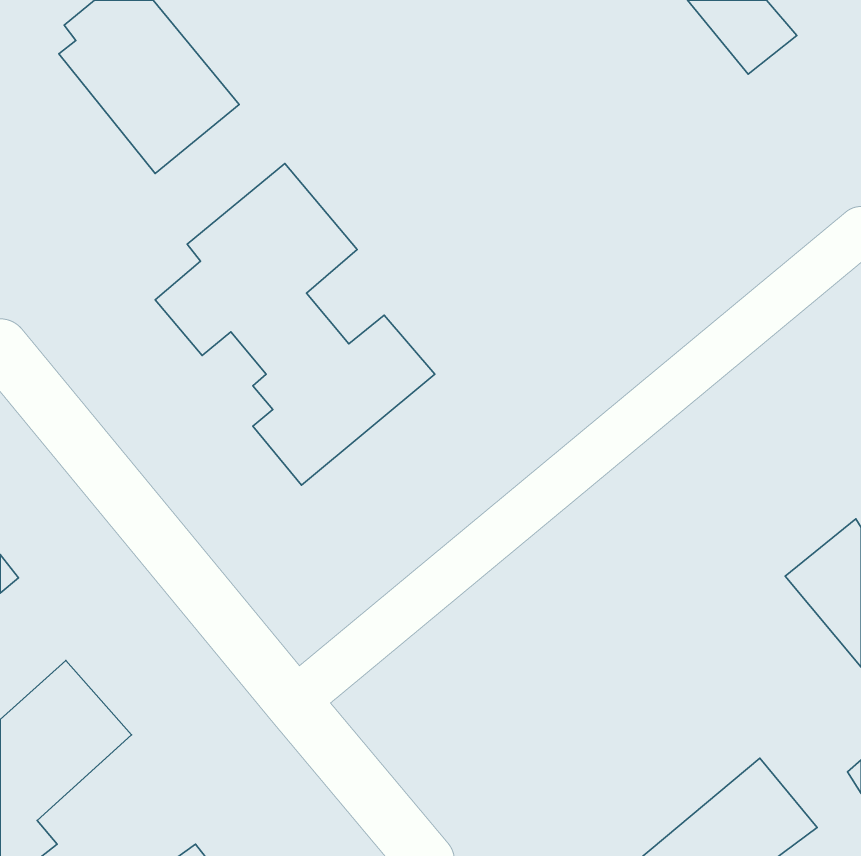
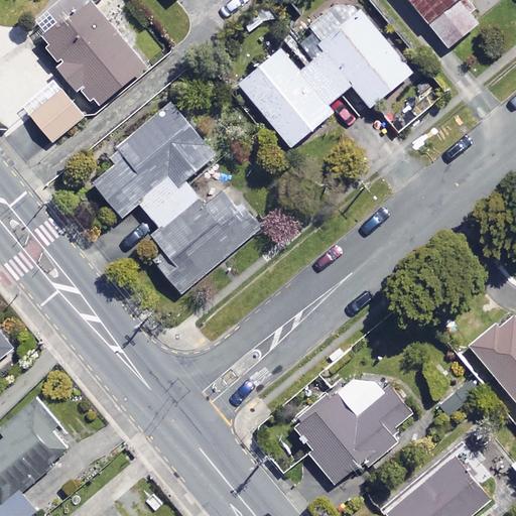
building: none -> [236,7,410,145]
building: none -> [29,89,83,141]
building: none -> [294,369,410,483]

